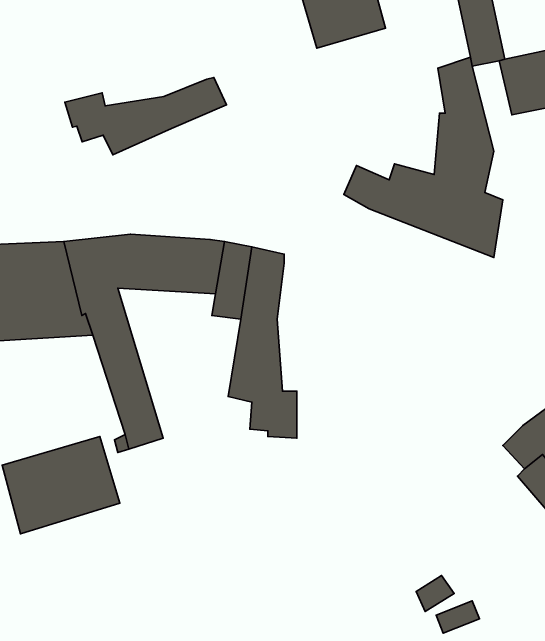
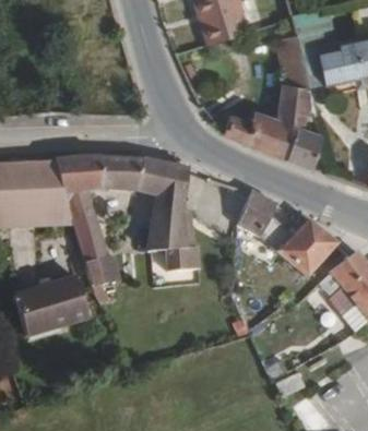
building: [65,78,227,155] -> none
building: none -> [240,191,336,276]

